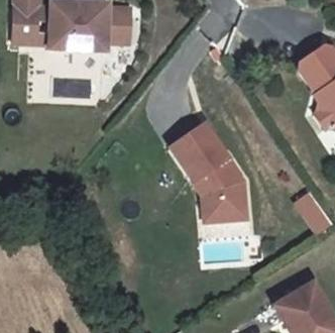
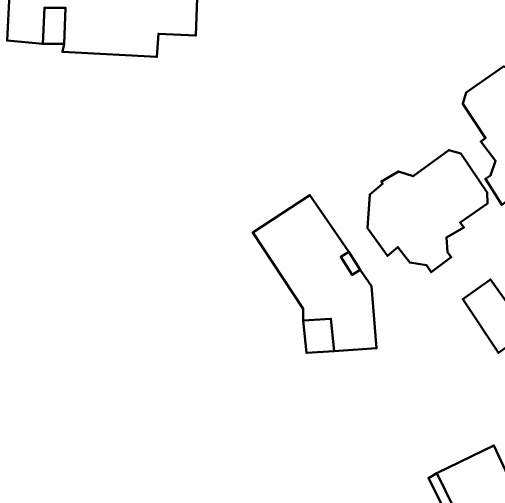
building: none -> [368,150,488,272]

